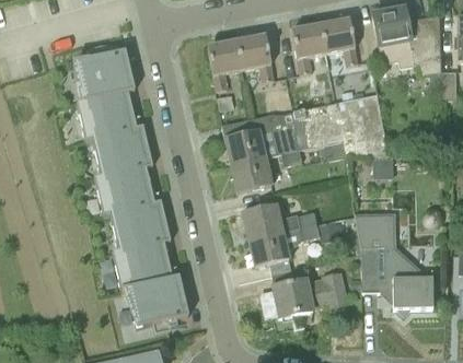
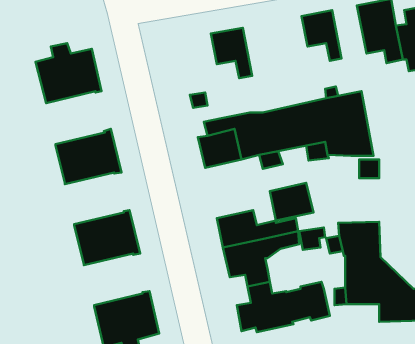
building: [291,23,326,73] -> none
building: [207,39,242,90] -> none
building: [77,93,138,144] -> none
building: [231,156,271,191] -> [270,183,313,221]
building: [94,168,155,220] -> none
building: [113,244,173,295] -> none

